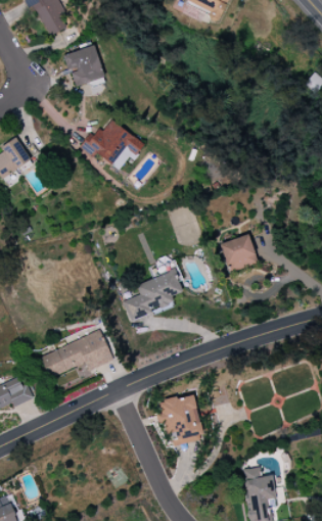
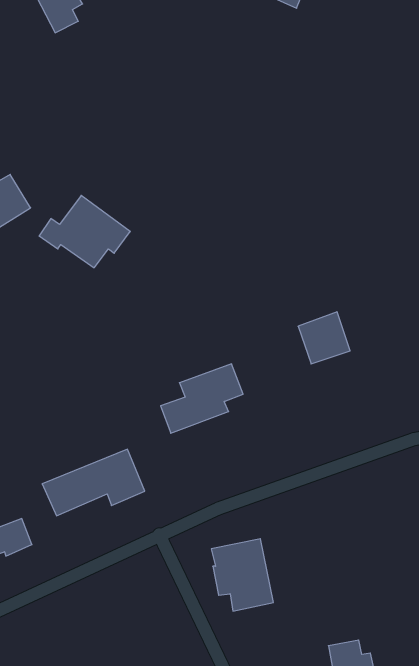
building: [66,45,104,84] -> none
building: [81,117,145,169] -> [39,195,130,268]

